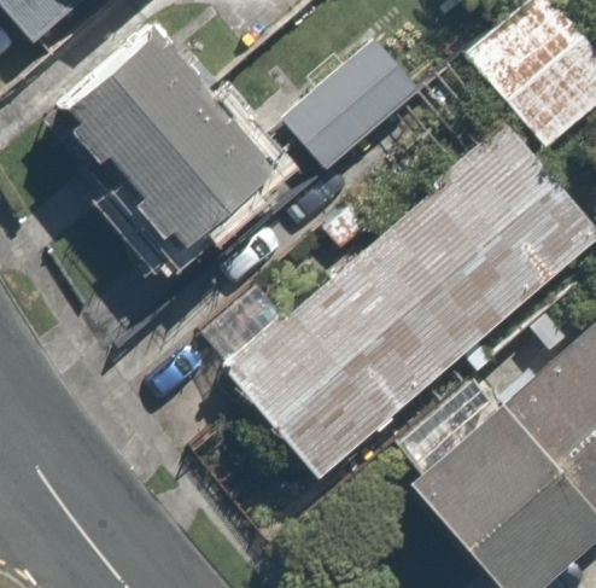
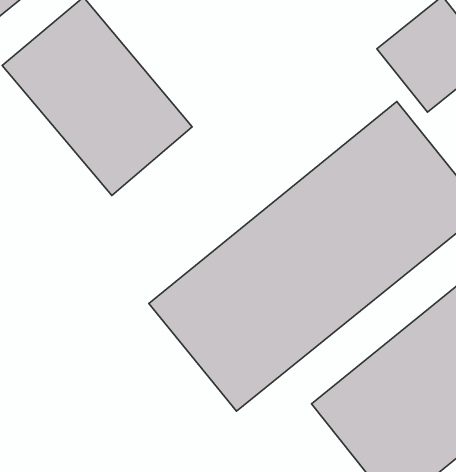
building: [280,35,425,173] -> none

